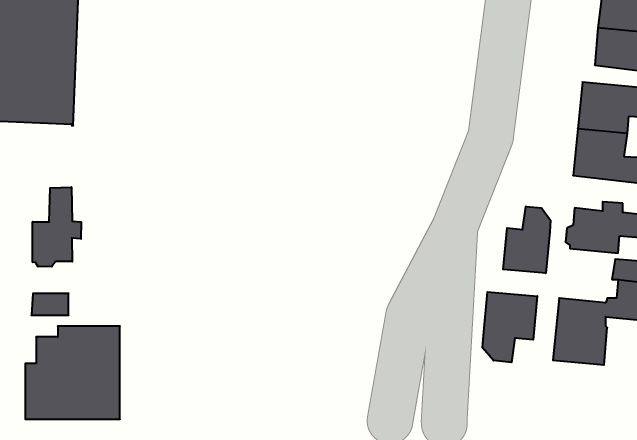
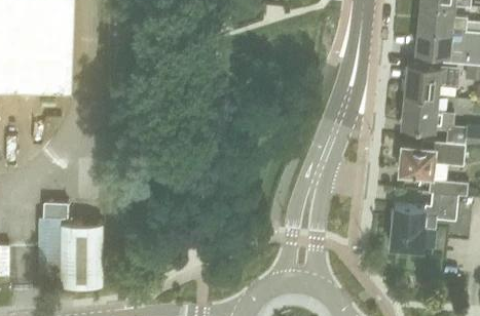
building: [33,187,81,267] -> none
building: [503,206,551,273] -> none
building: [483,292,537,362] -> none

